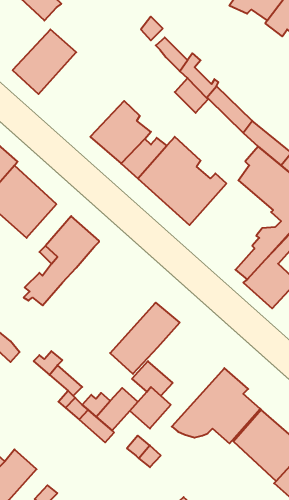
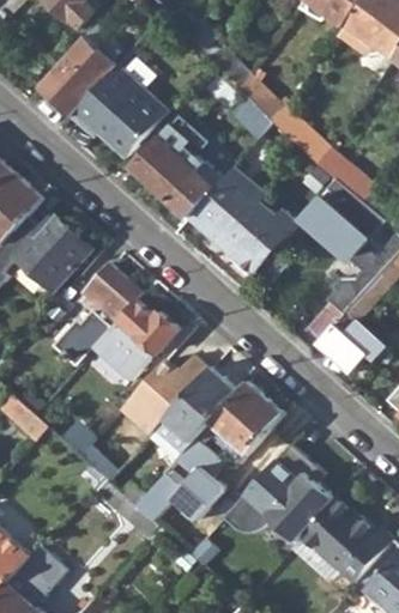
building: none -> [67,66,165,157]
building: none -> [96,301,176,380]
building: none -> [120,356,207,435]
building: none -> [211,381,283,454]

